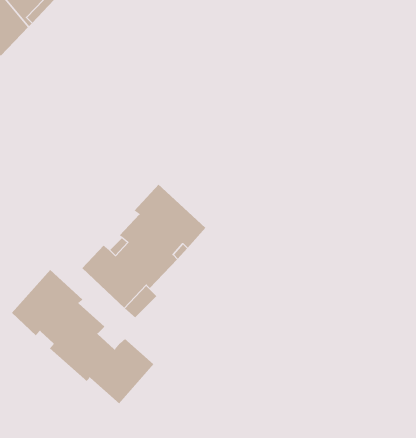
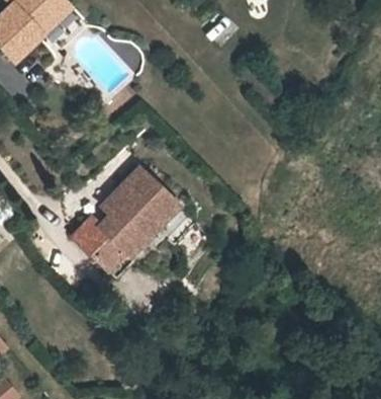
building: [11,269,154,404] -> none

